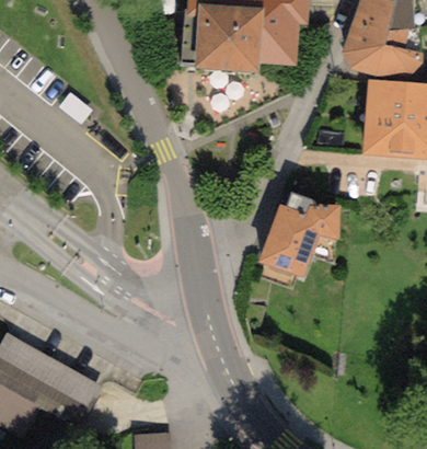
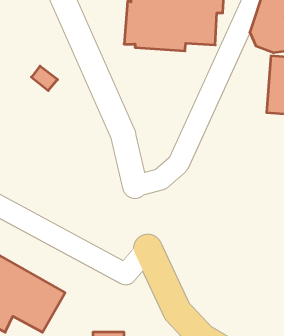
building: [257,204,341,277] -> none

